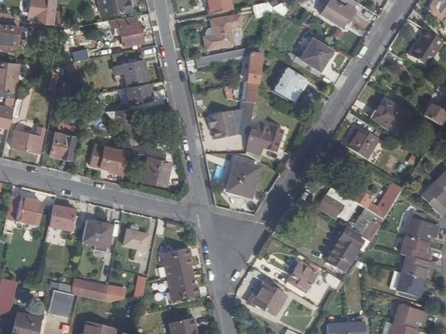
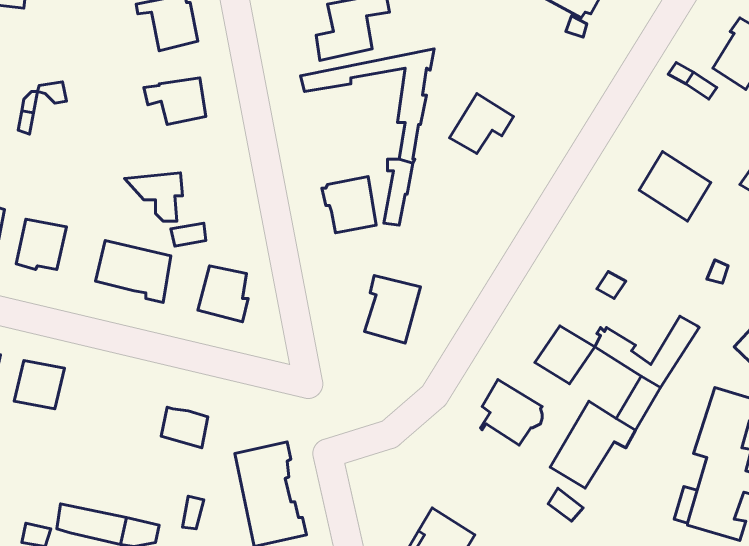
building: [288,39,329,76] -> none
building: [126,82,151,102] -> none
building: [246,122,282,159] -> none
building: [344,124,387,157] -> none
building: [80,220,111,247] -> none
building: [285,258,317,292] -> [480,379,542,445]

